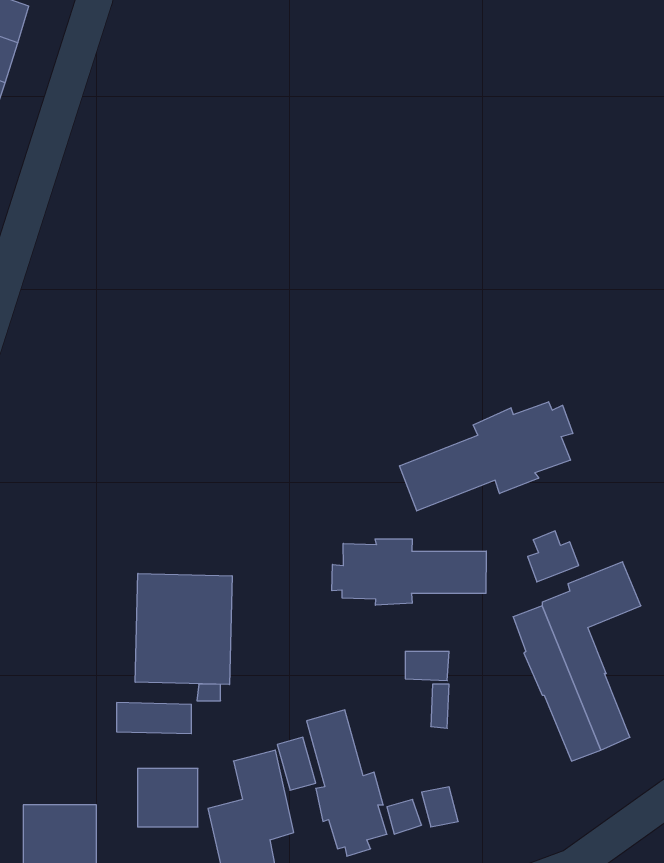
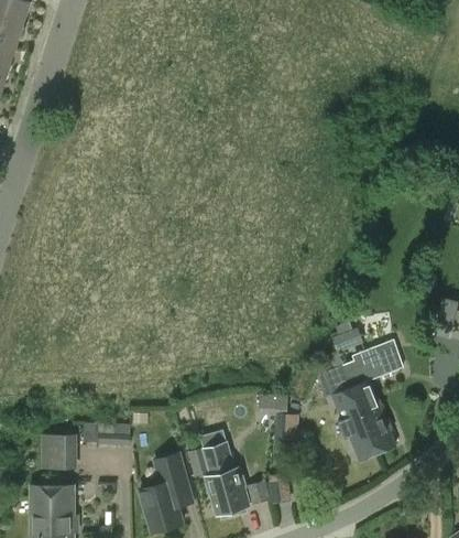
building: [400,402,573,511] -> none
building: [332,539,486,605] -> none
building: [135,573,232,685] -> none
building: [138,768,198,827] -> [42,434,78,470]

